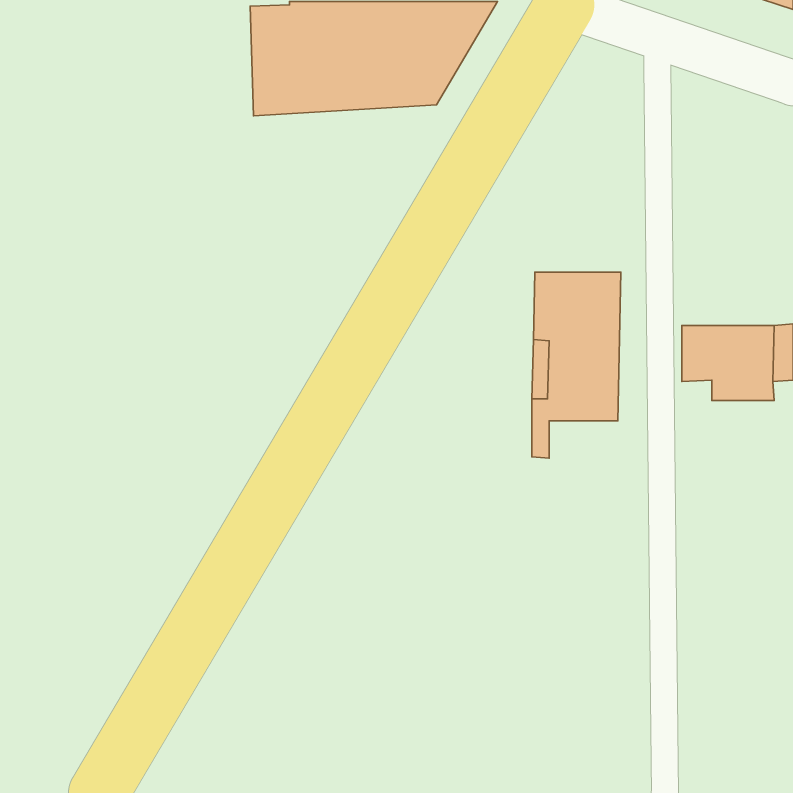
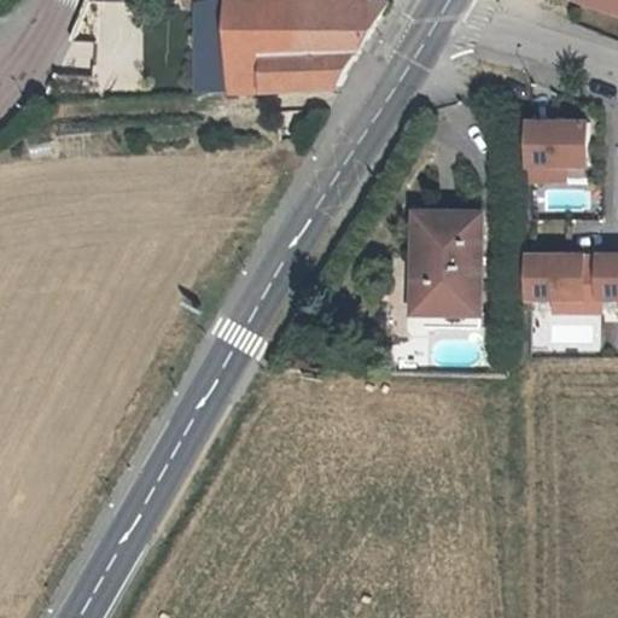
building: none -> [526,119,584,180]

